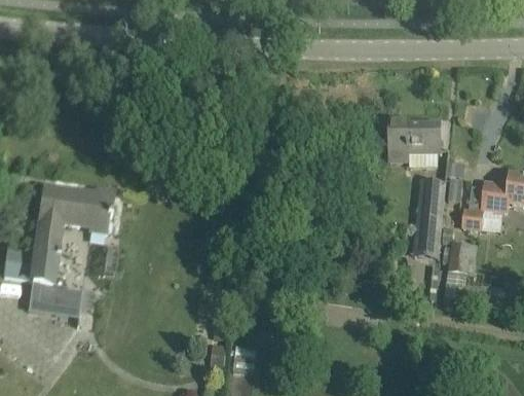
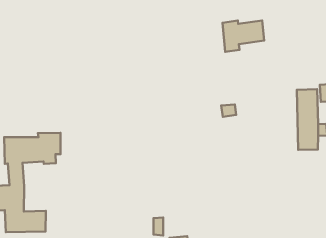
building: [387,120,440,157] -> [223,20,264,52]

